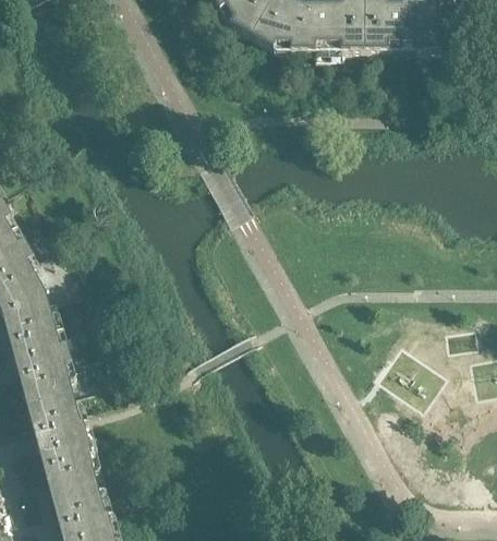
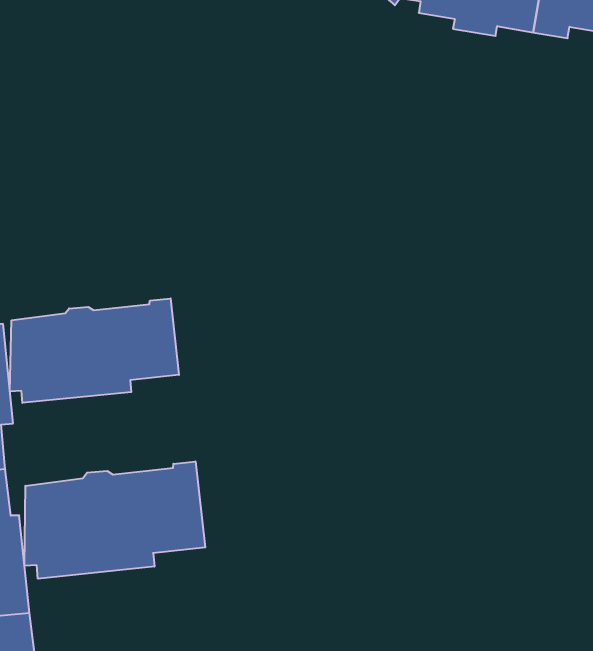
building: none -> [10,298,179,403]
building: none -> [24,461,205,579]

